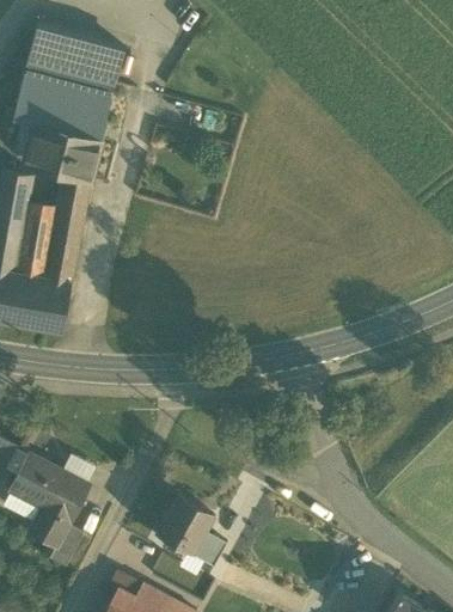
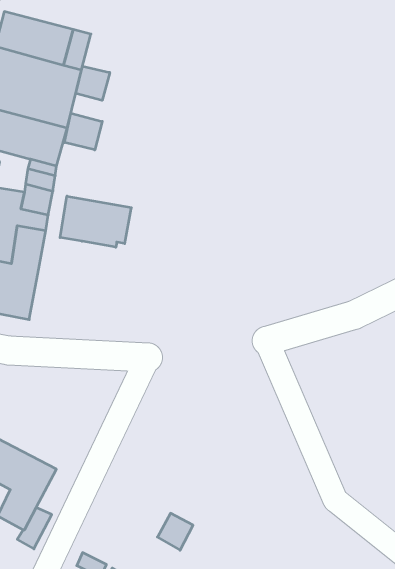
building: none -> [76,66,110,100]
building: none -> [64,113,102,150]
building: none -> [60,196,131,247]
building: [157,496,214,555] -> none

